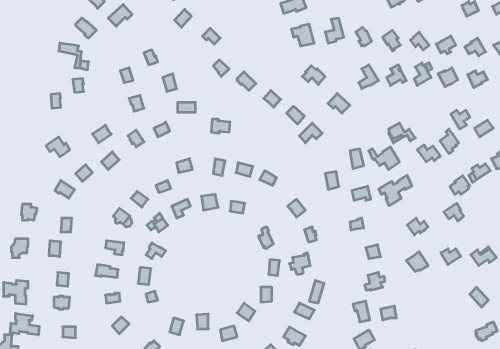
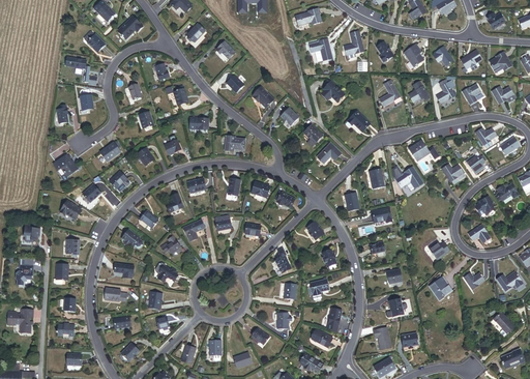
building: [379,175,412,206] -> none
building: [10,313,39,335] -> none

